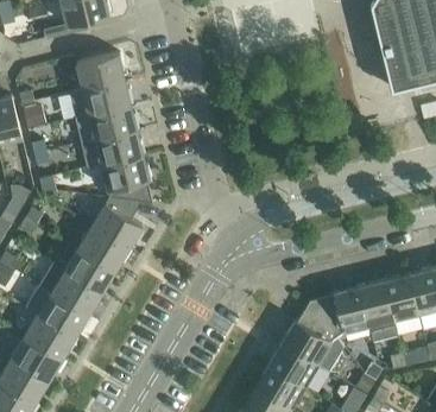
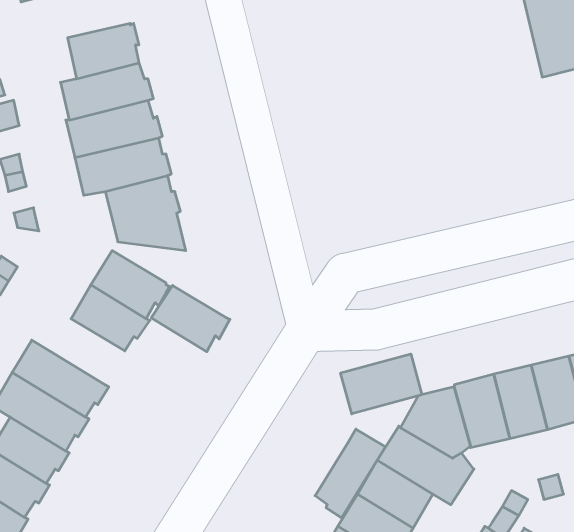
building: [64,249,116,293] -> [151,285,230,352]
building: none -> [341,354,422,414]
building: none -> [315,429,385,518]

